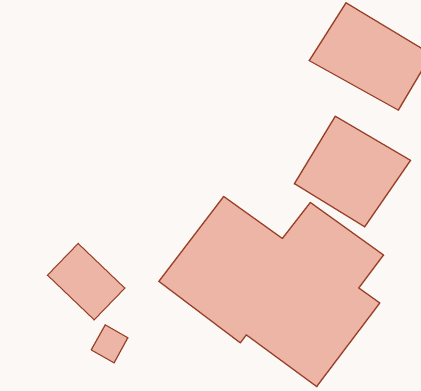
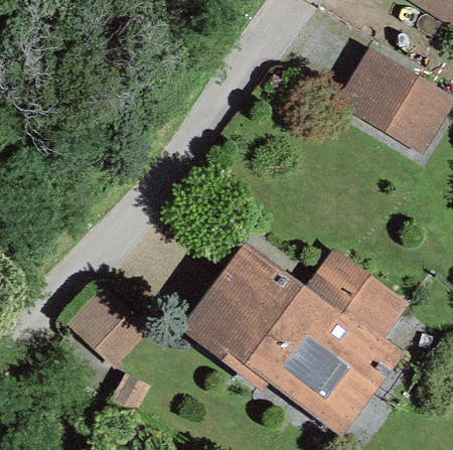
building: [294,116,411,227] -> none

